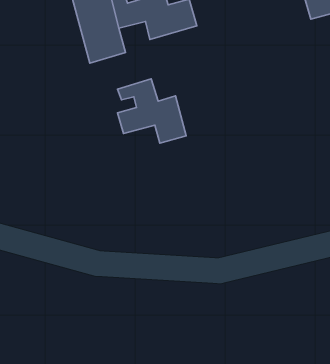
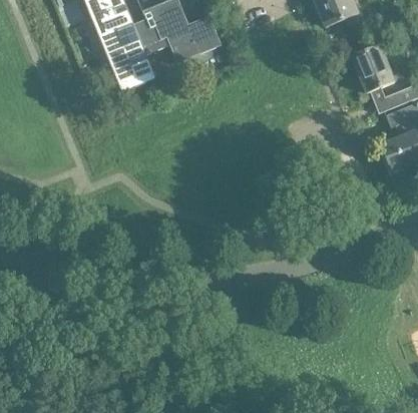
building: [117,79,186,143] -> none

